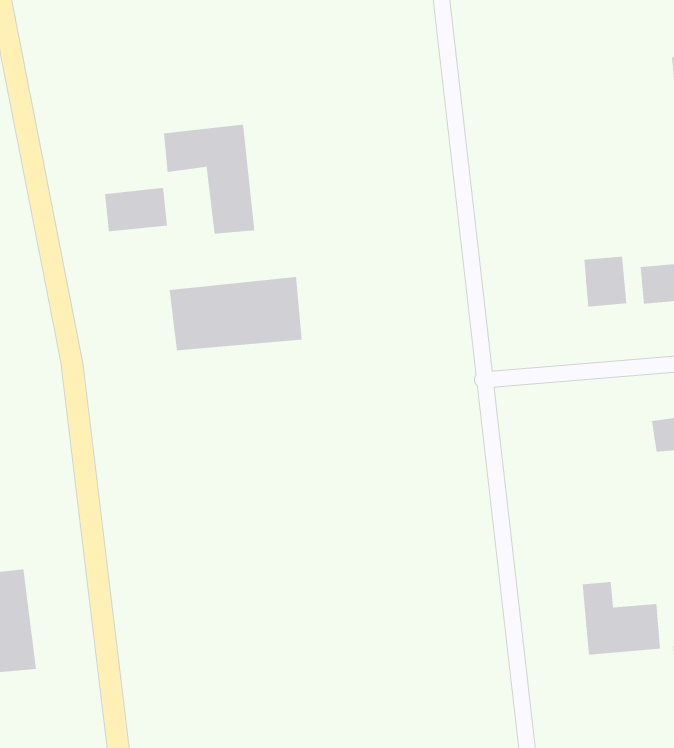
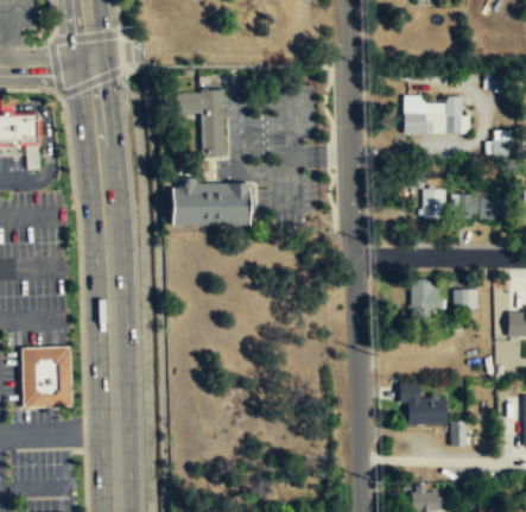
building: none -> [404,94,470,133]
building: [105,187,168,232] -> none
building: none -> [412,282,439,311]

